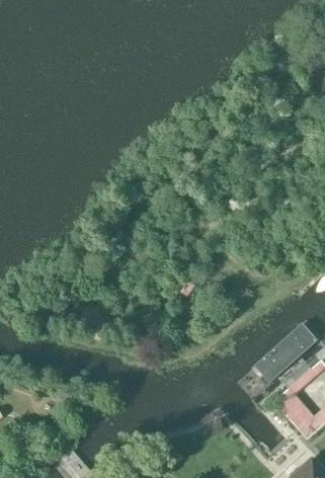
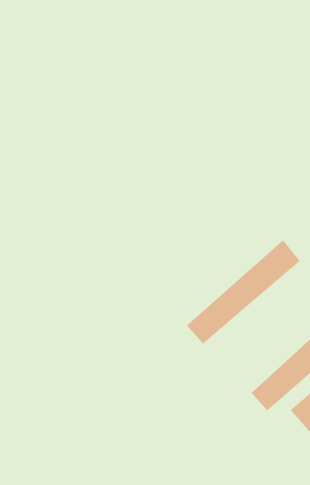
building: none -> [186,240,301,345]

